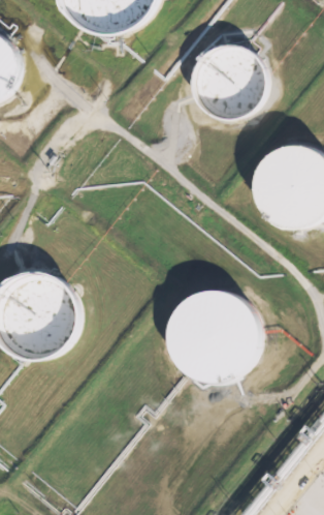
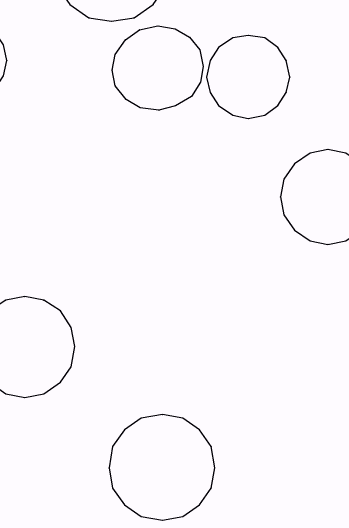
building: none -> [112,26,203,110]
building: [169,290,261,382] -> [109,415,215,520]

